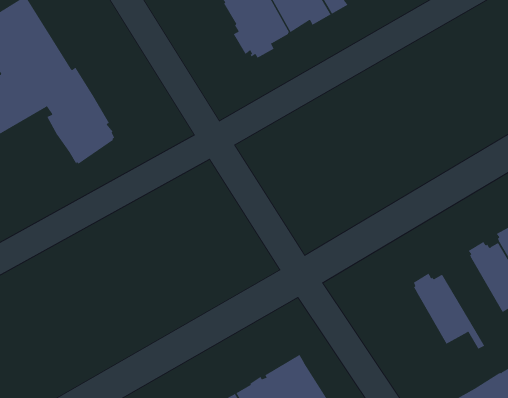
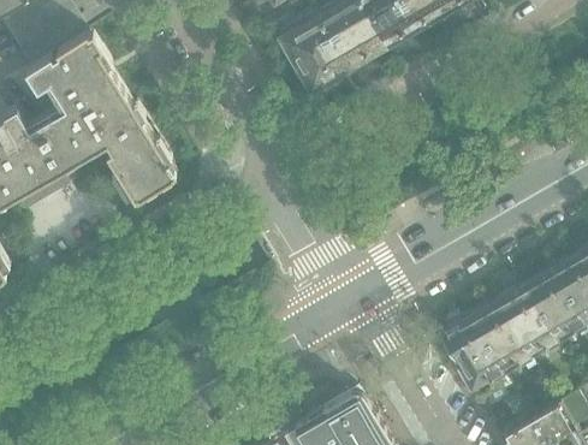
building: none -> [495,291,557,362]
building: none -> [440,324,516,403]

